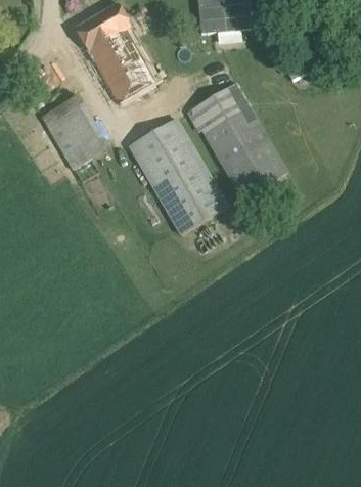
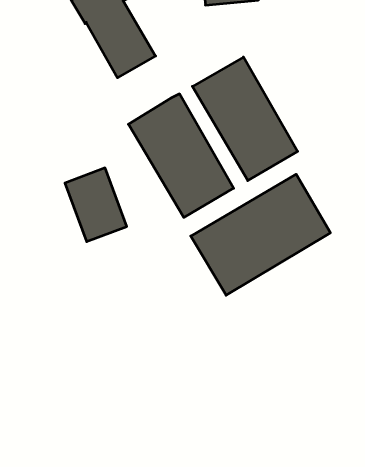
building: [48,97,106,167] -> [65,168,127,242]
building: none -> [191,174,330,295]

